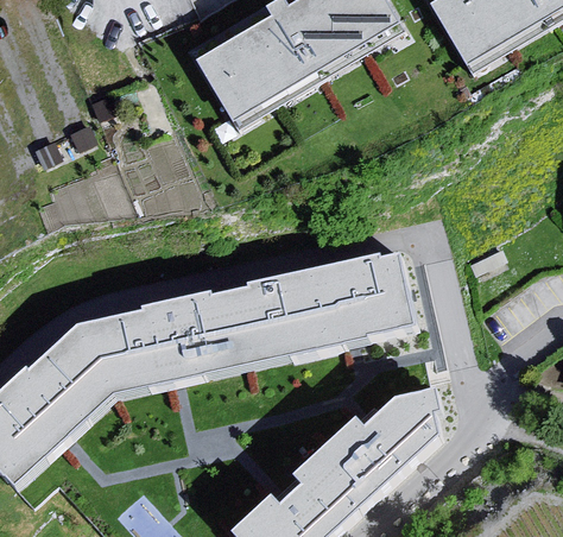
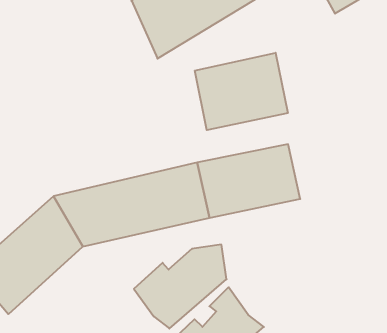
building: none -> [195,53,288,130]
building: [320,387,447,503] -> [134,245,227,329]

